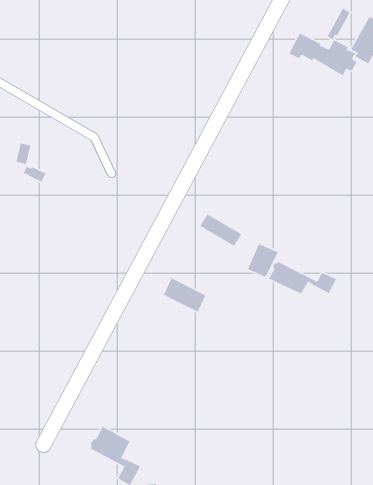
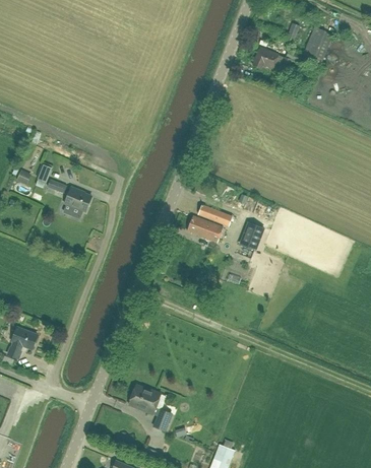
building: none -> [64,188,90,212]
building: [268,261,337,295] -> none
building: [163,277,207,313] -> [186,216,222,243]

